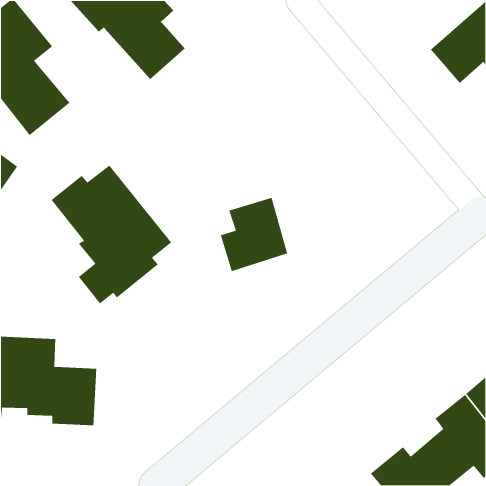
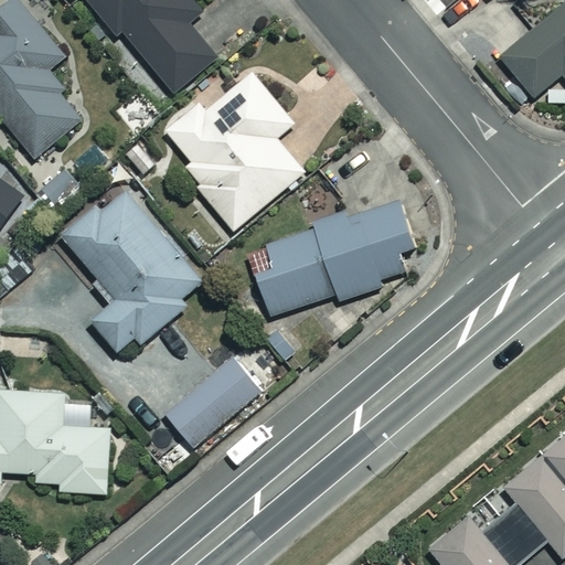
building: none -> [166,74,302,230]
building: none -> [313,199,411,307]
building: none -> [163,356,260,448]

